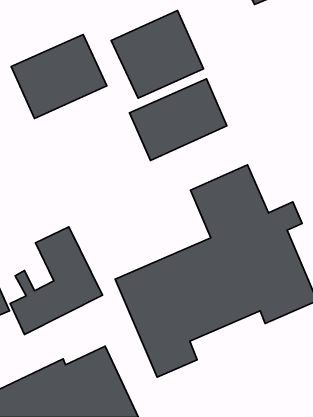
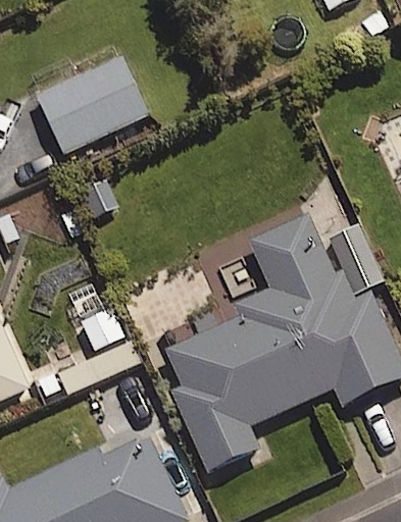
building: [111,11,204,98] -> none
building: [129,79,227,160] -> none

